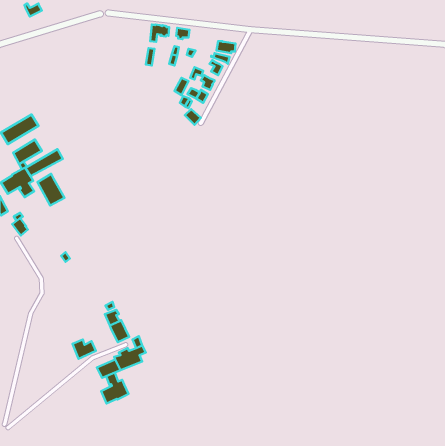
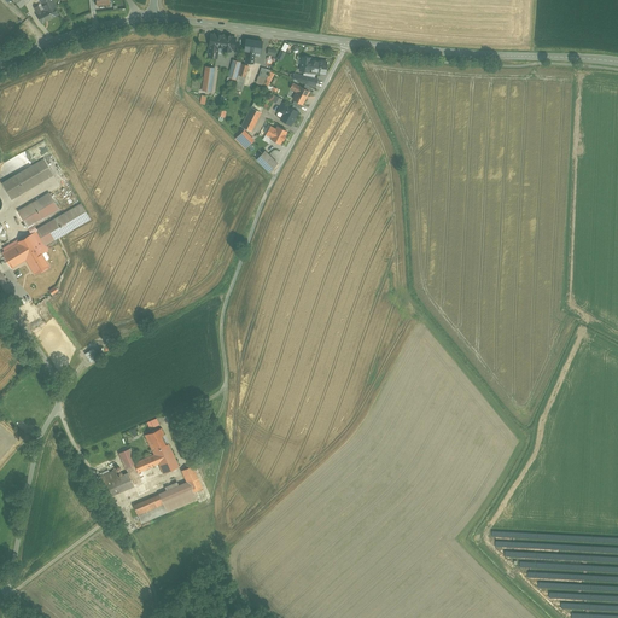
building: [38,174,65,205] -> none
building: none -> [118,449,158,485]
building: [101,373,128,403] -> none

